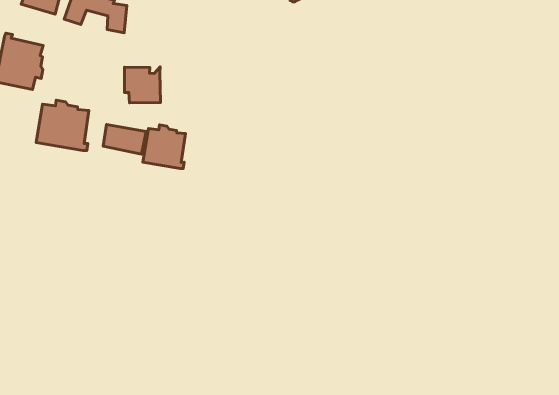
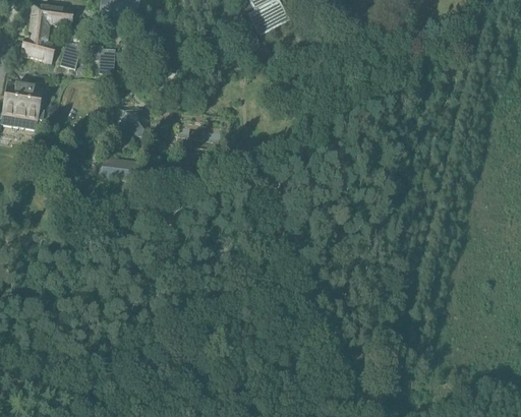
building: [36,100,89,151] -> none
building: [143,125,185,169] -> none

